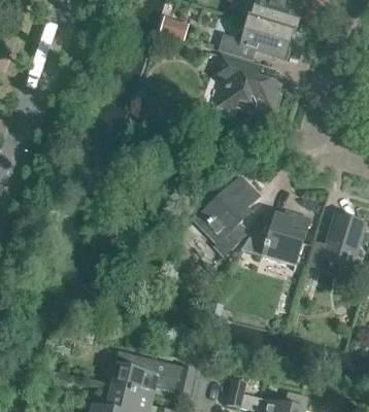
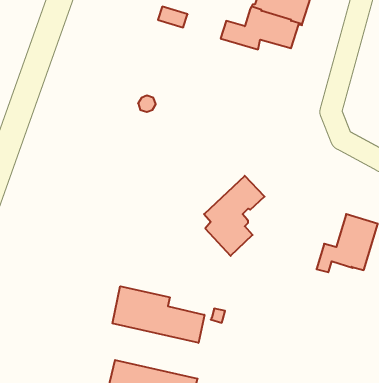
building: [213,56,278,116] -> none
building: [240,212,307,266] -> none
building: none -> [112,286,204,343]

